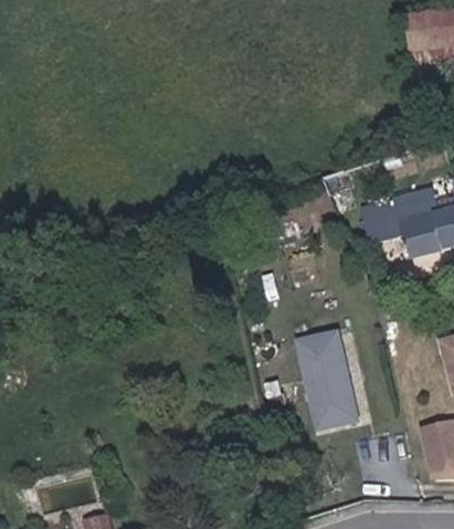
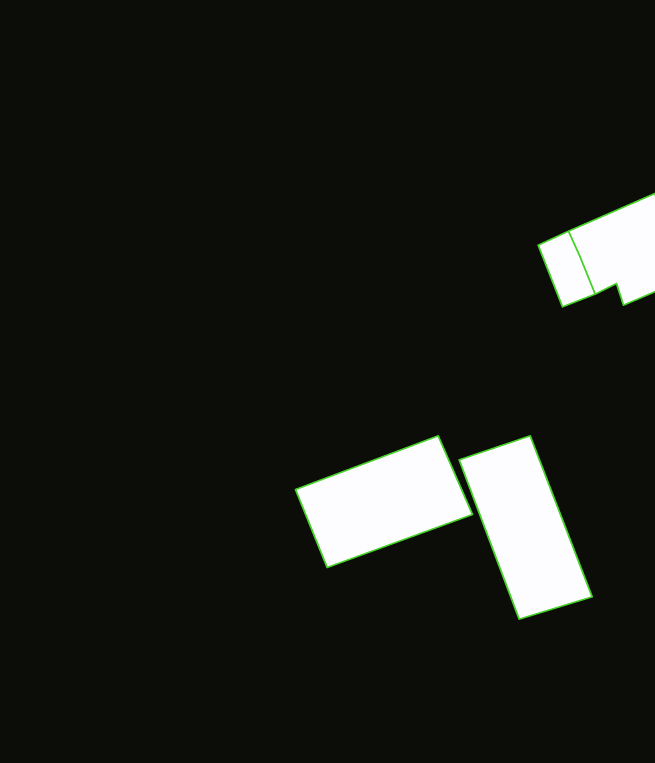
building: none -> [295,436,473,568]

